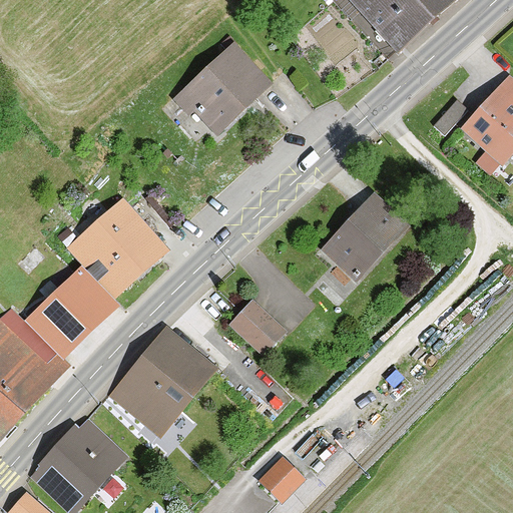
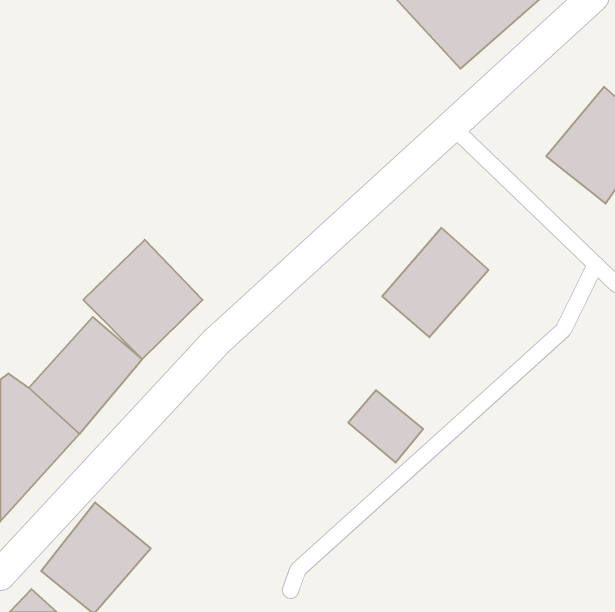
building: [173,42,271,139] -> none
building: [227,295,290,355] -> [348,390,423,463]
building: [109,329,216,440] -> none
building: [260,455,305,500] -> none

